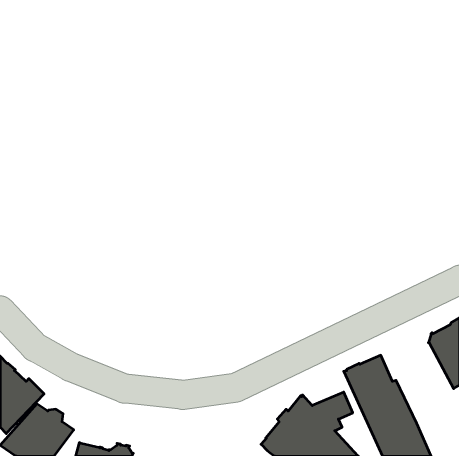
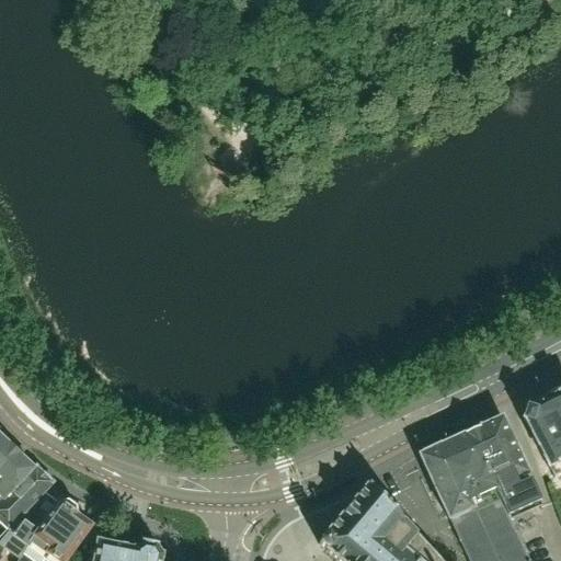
building: none -> [463,415,540,516]

